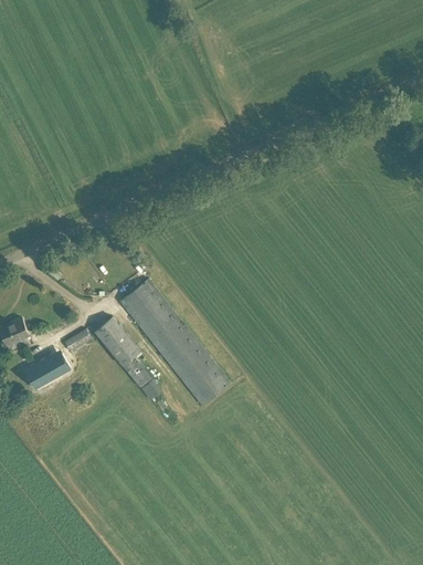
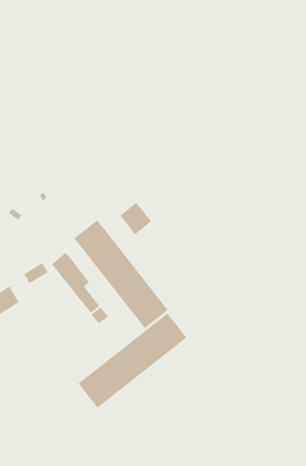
building: none -> [120,202,152,235]
building: none -> [78,313,187,408]

